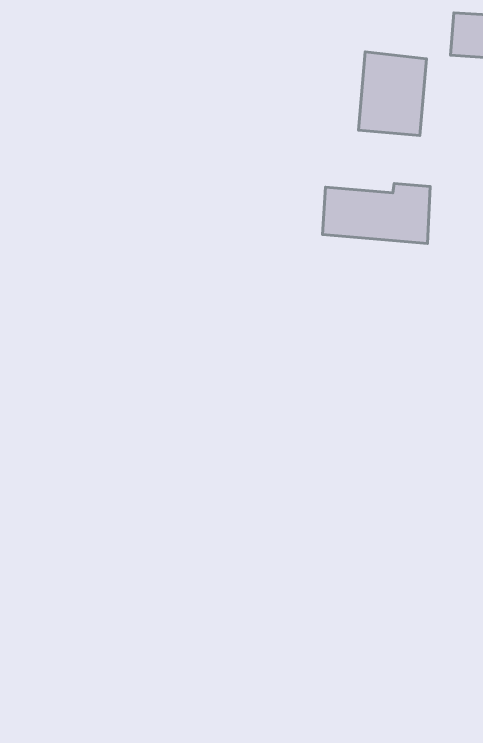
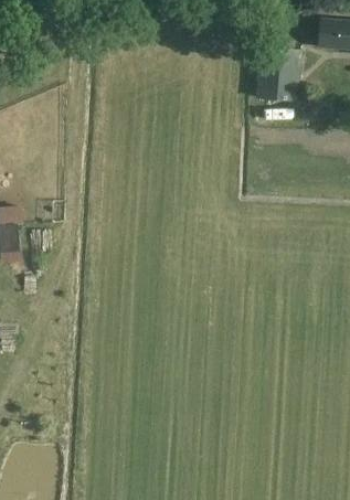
building: [323,183,430,244] -> none

